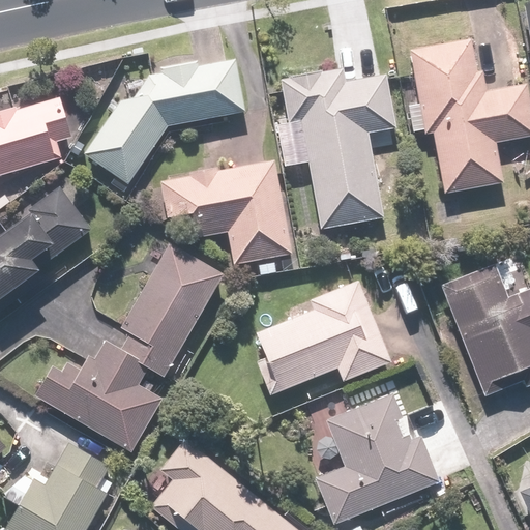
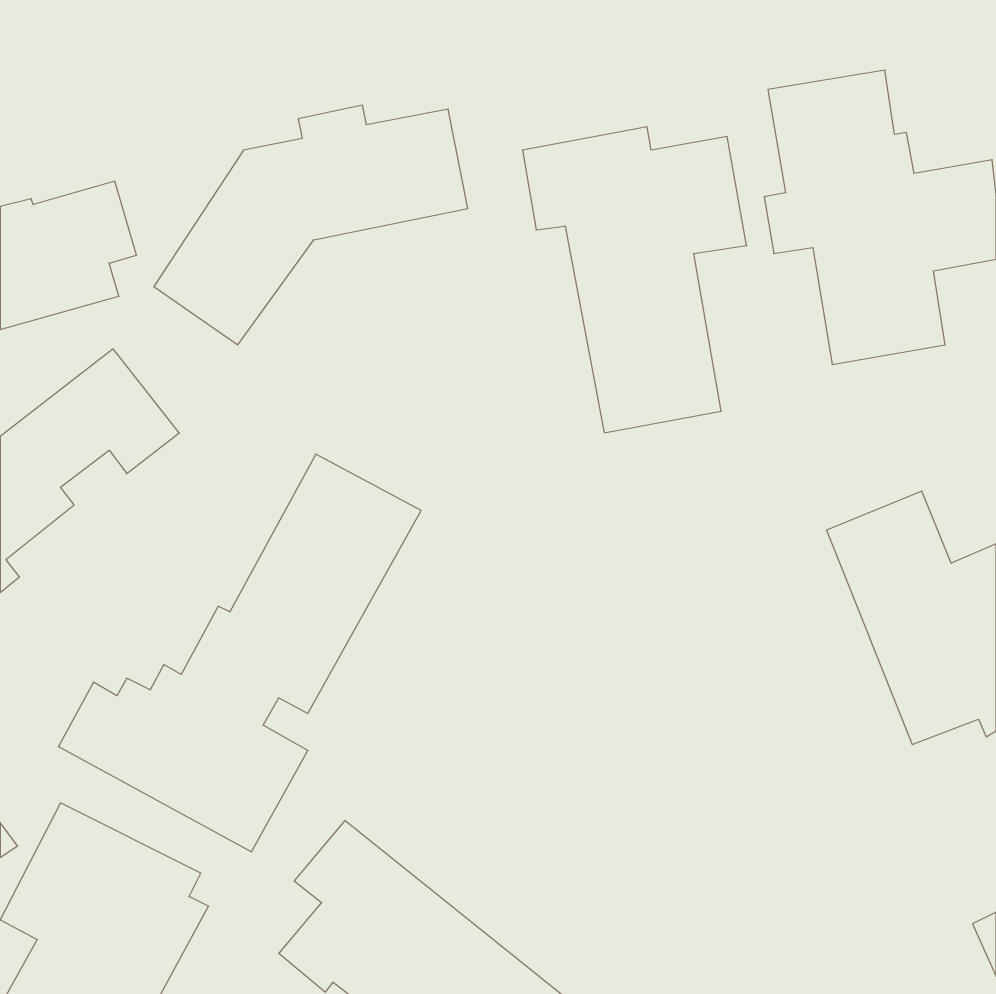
building: [158,161,292,267] -> none
building: [257,282,392,404] -> none
building: [313,393,440,525] -> none

